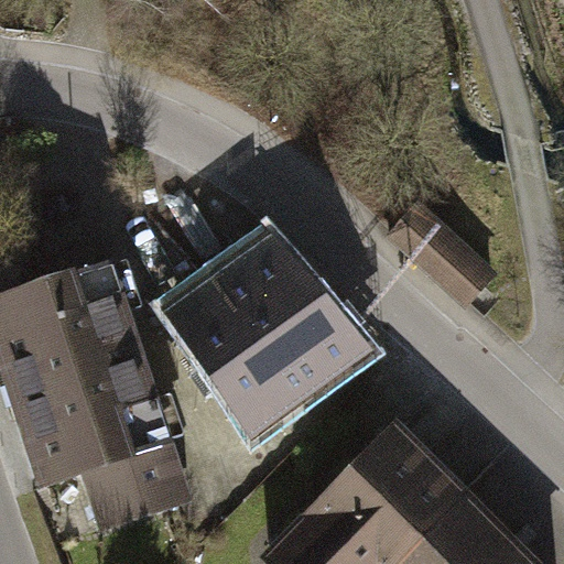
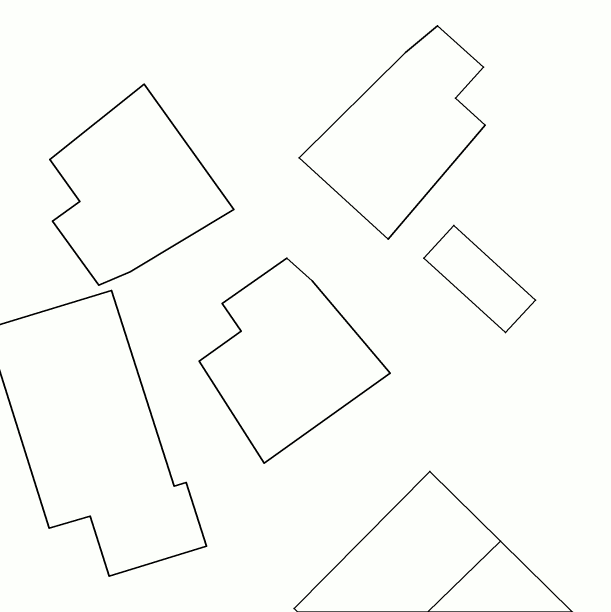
building: none -> [299,26,485,239]
building: none -> [50,84,234,285]

